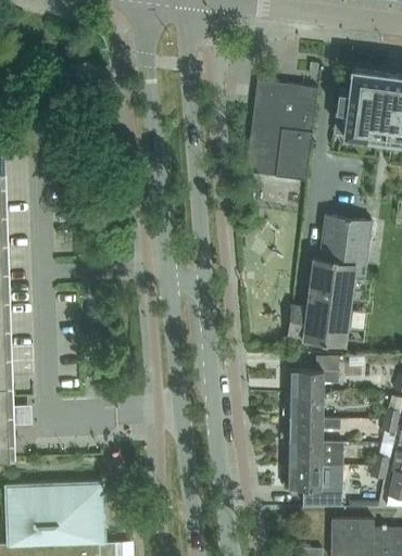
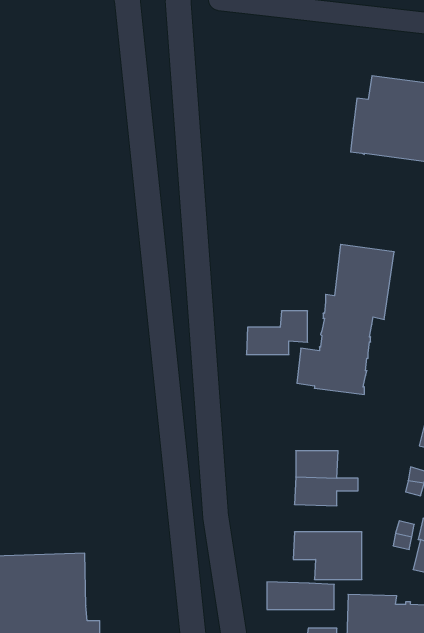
building: [246,84,317,181] -> none
building: [286,357,339,395] -> [246,311,308,355]
building: [285,442,343,466] -> [267,582,334,609]

